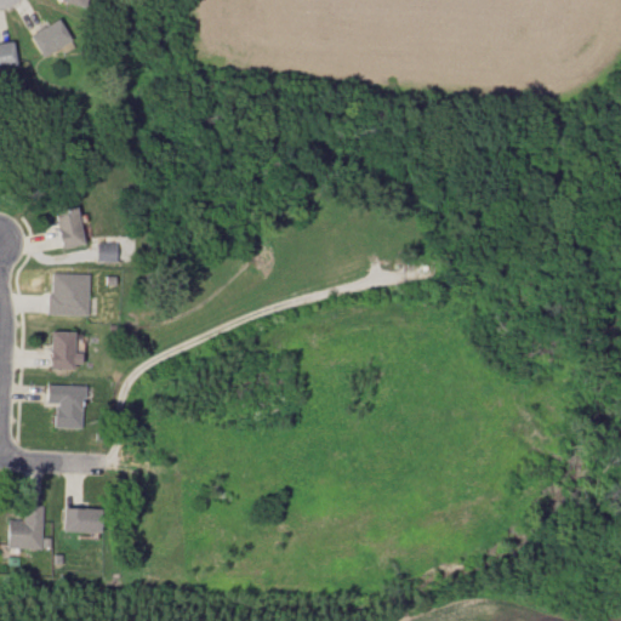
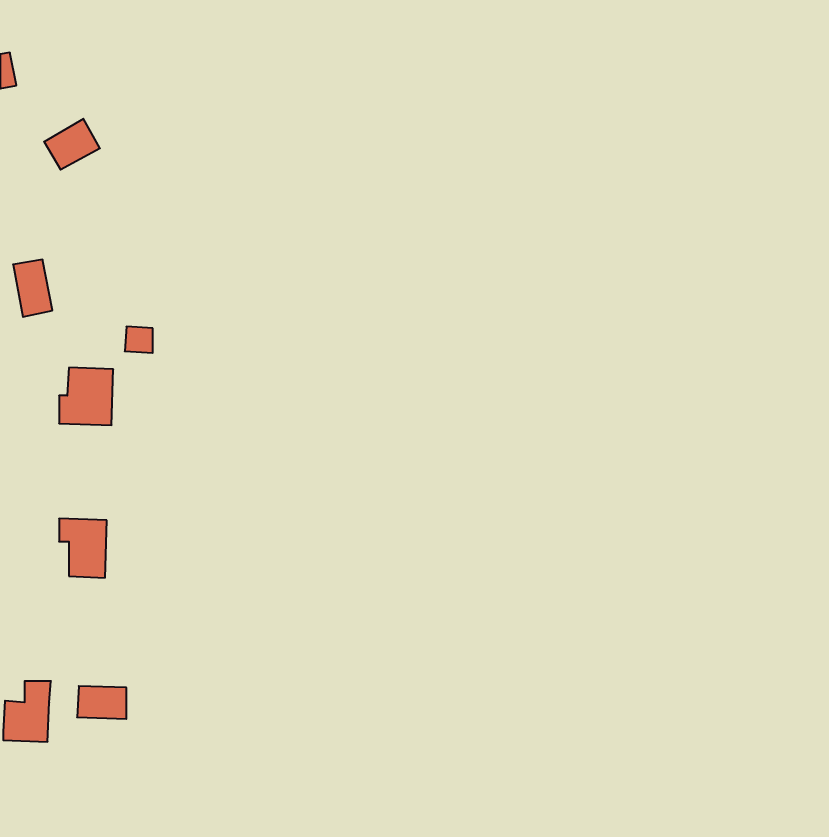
building: [33,18,74,56] -> [44,119,100,170]
building: [56,206,85,249] -> [13,260,52,317]
building: [51,331,75,369] -> none

